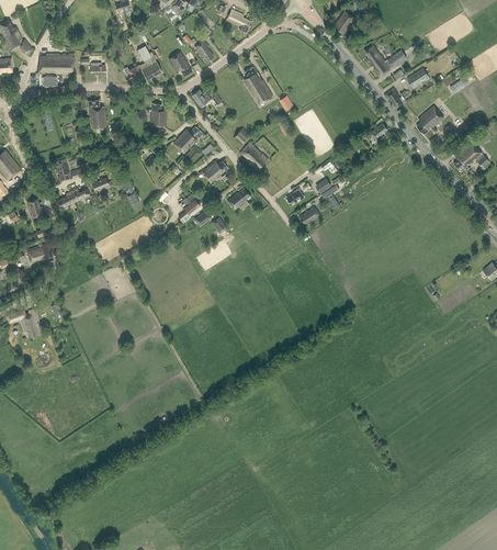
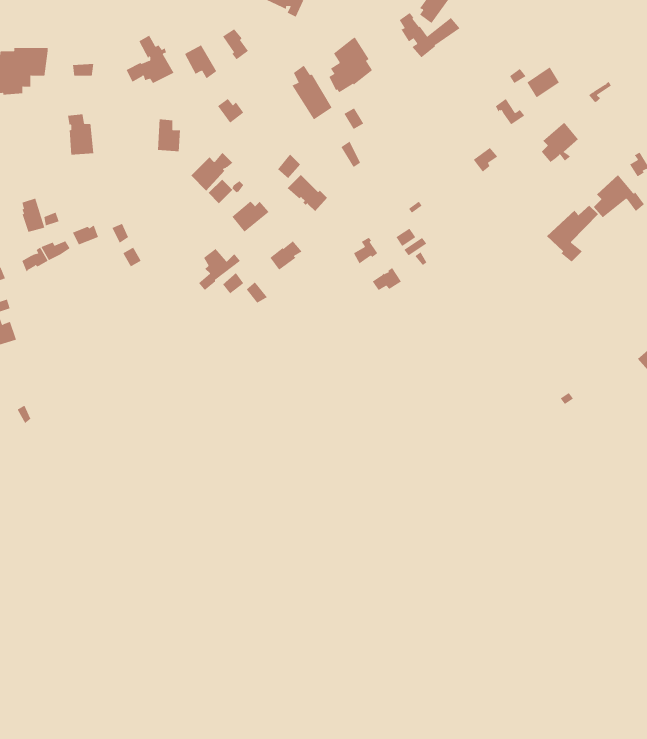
building: none -> [328,36,373,93]
building: [364,46,407,78] -> [399,12,461,58]
building: none -> [546,205,599,263]

